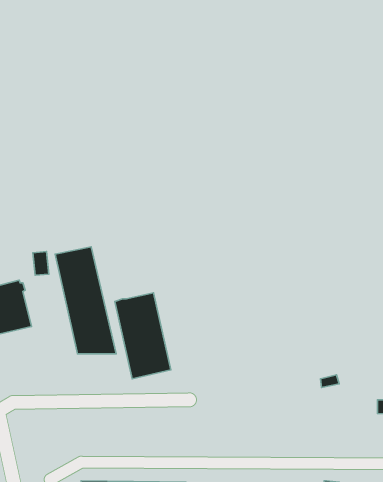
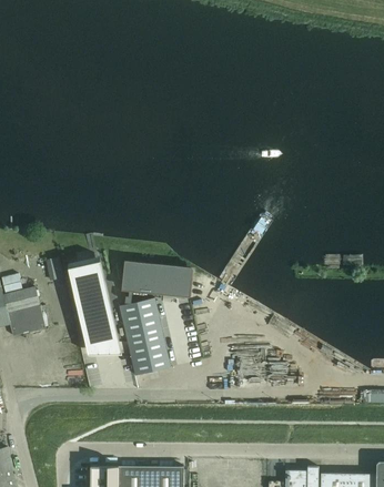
building: none -> [121,261,192,304]

